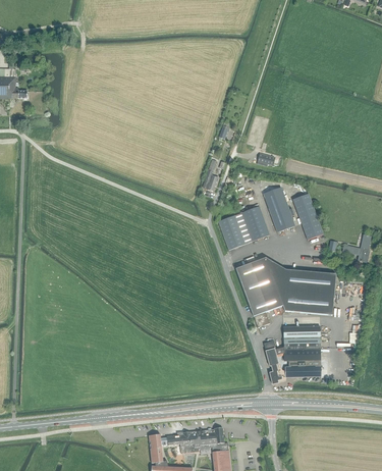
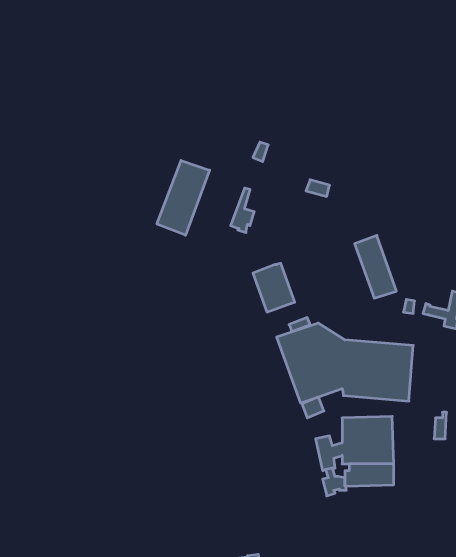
building: none -> [157,160,210,235]
building: [263,186,294,230] -> none
building: [238,205,269,242] -> none

